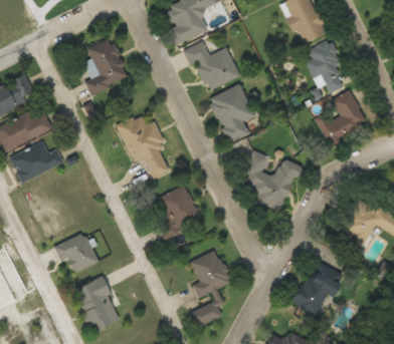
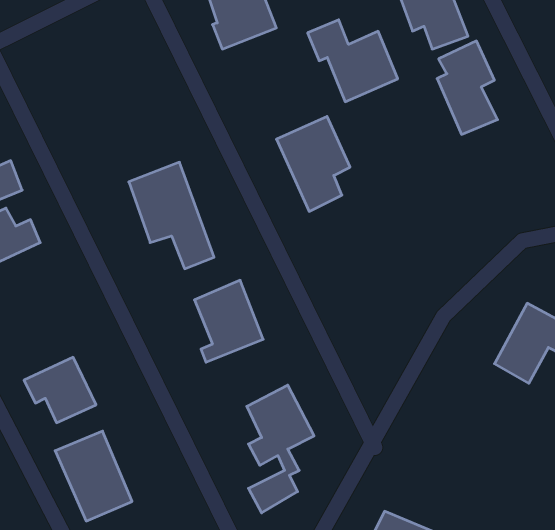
building: [79,36,131,93] -> none
building: [184,40,239,90] -> [308,20,398,102]
building: [313,90,370,145] -> none
building: [240,149,301,212] -> none
building: [293,260,345,318] -> none

